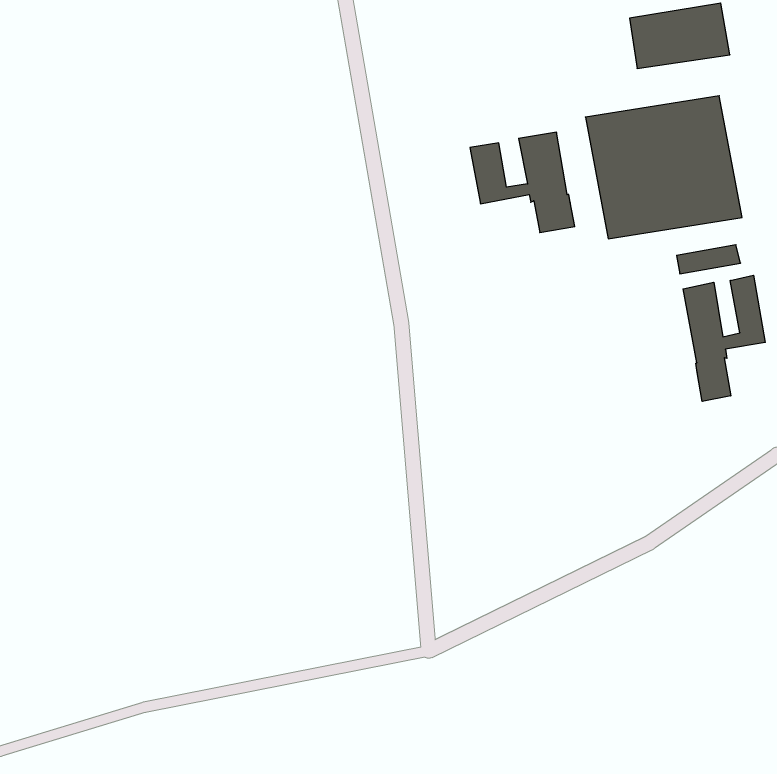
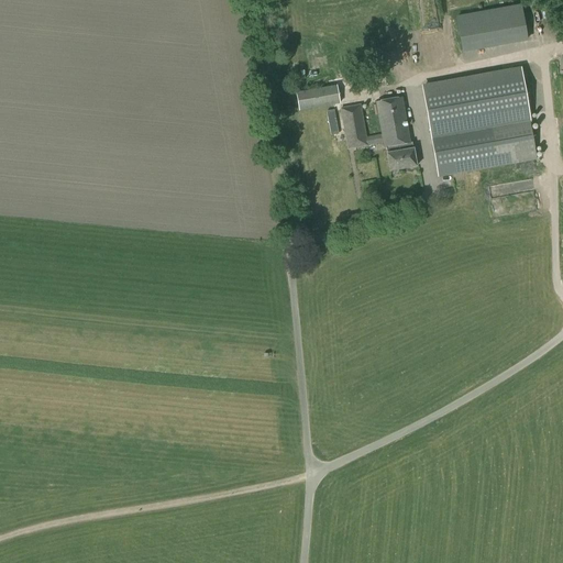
building: none -> [296,84,340,110]
building: [683,275,765,401] -> none

